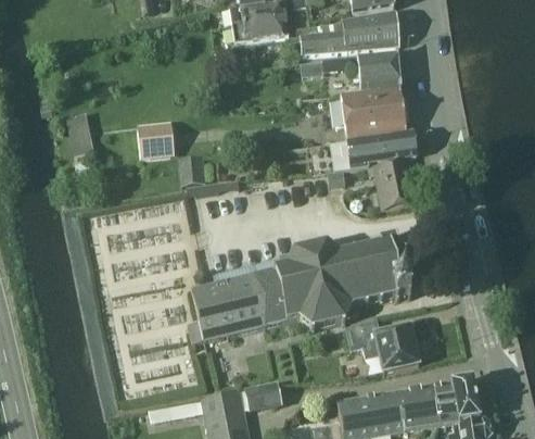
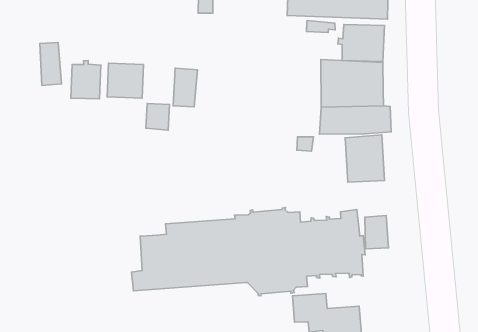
building: none -> [173,68,197,107]
building: none -> [71,61,101,99]
building: none -> [365,216,388,249]

